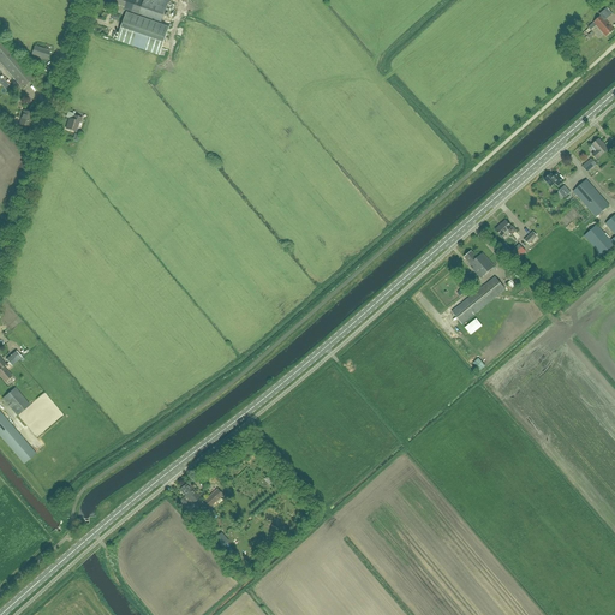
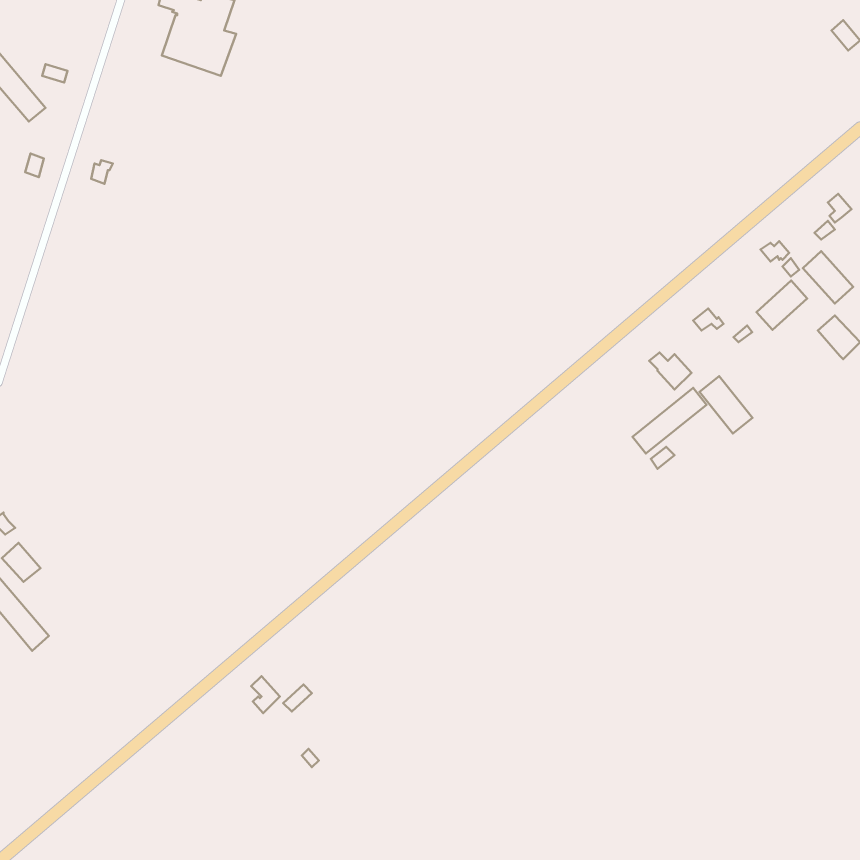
building: none -> [757,281,807,330]
building: none -> [699,376,753,434]

